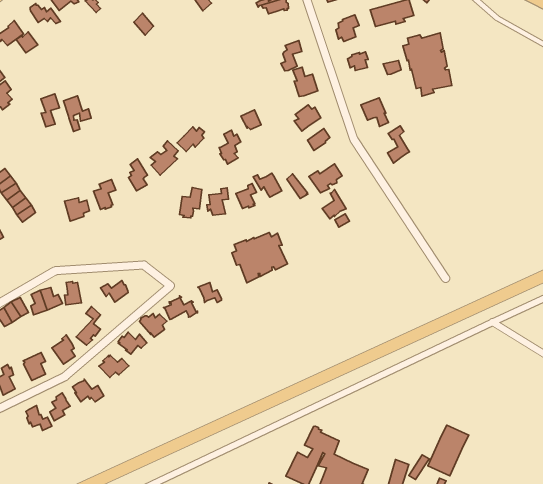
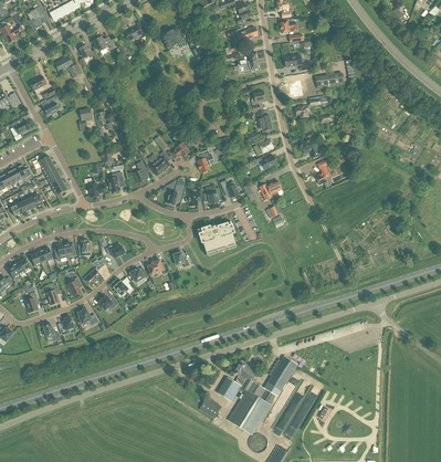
building: [403,33,452,96] -> none
building: [428,425,469,476] -> [266,355,297,390]

